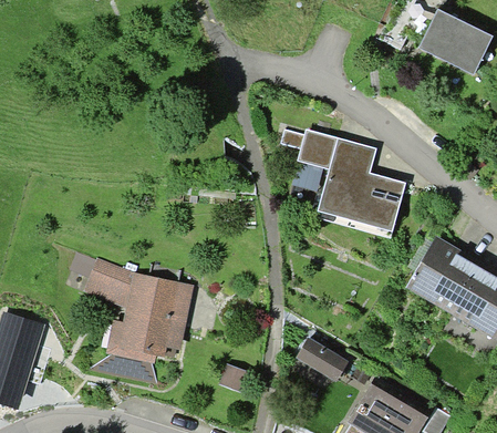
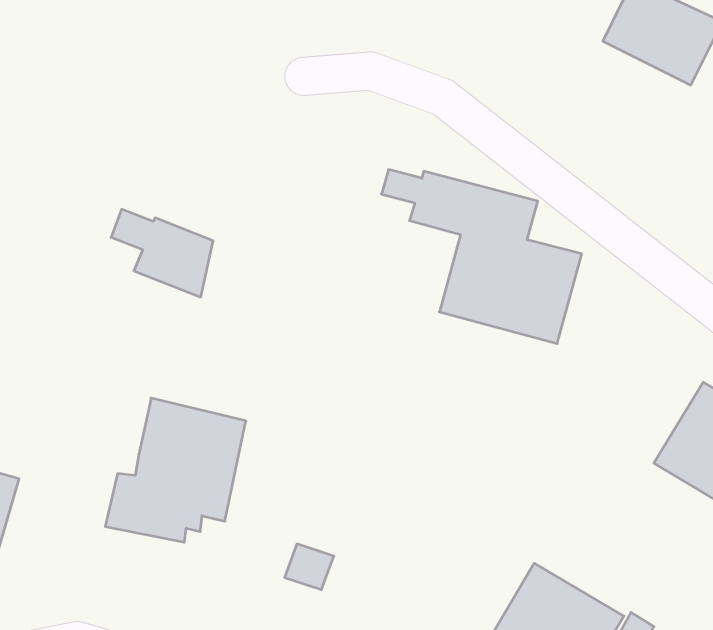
building: [405,235,482,313] -> none
building: [70,252,134,308] -> [111,209,213,297]
building: [296,338,349,381] -> none

